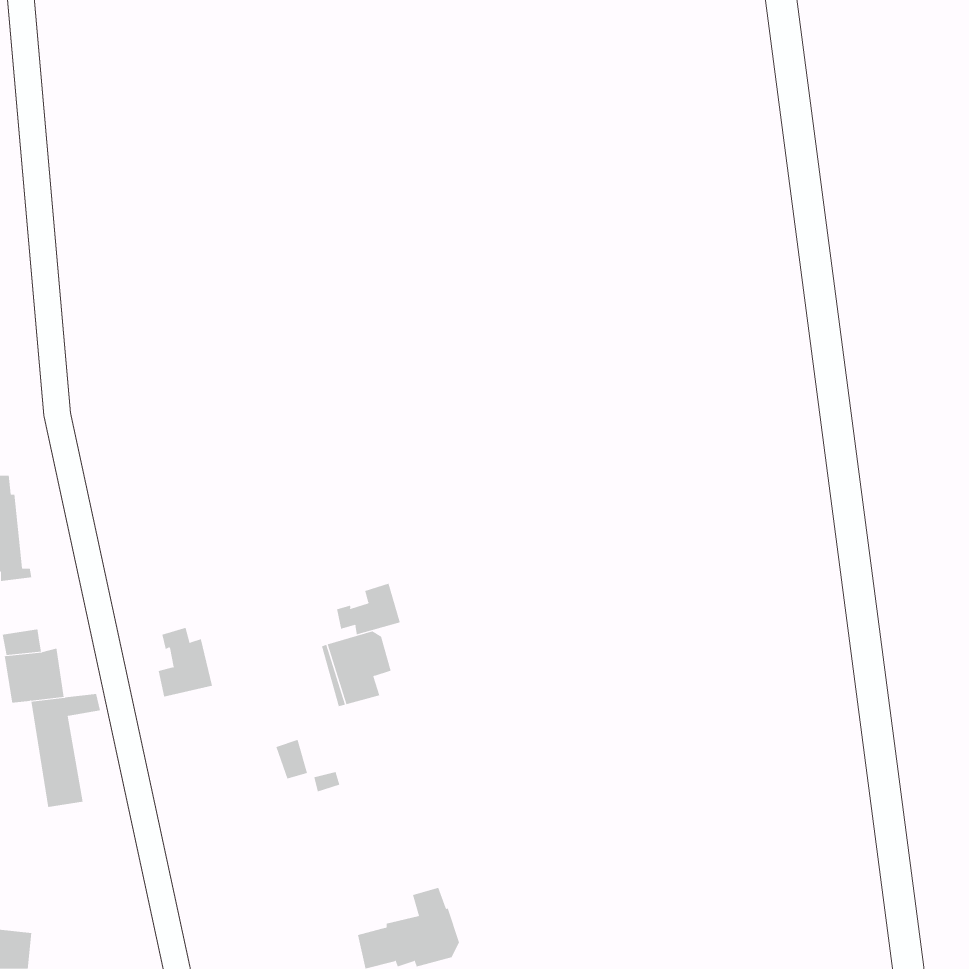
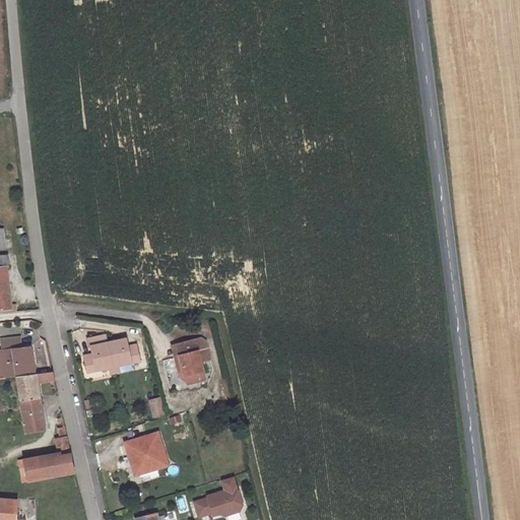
building: [337,583,401,635] -> none
building: none -> [108,338,139,367]
building: none -> [19,428,74,482]
building: none -> [123,432,167,475]

